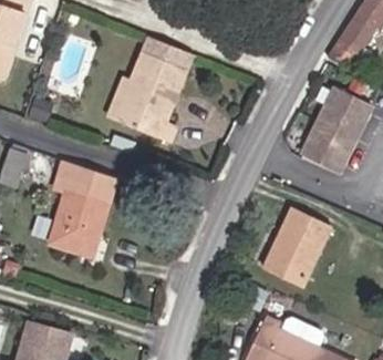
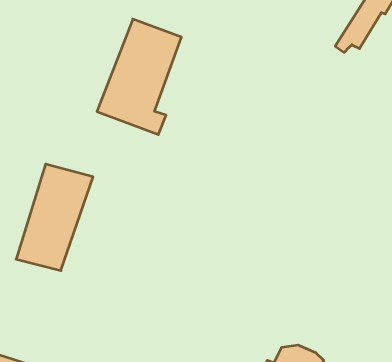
building: [299,90,369,176] -> none
building: [261,206,323,282] -> none

